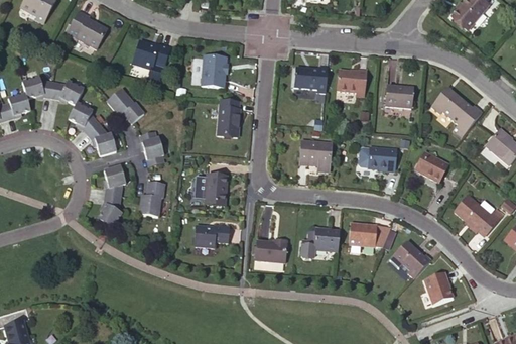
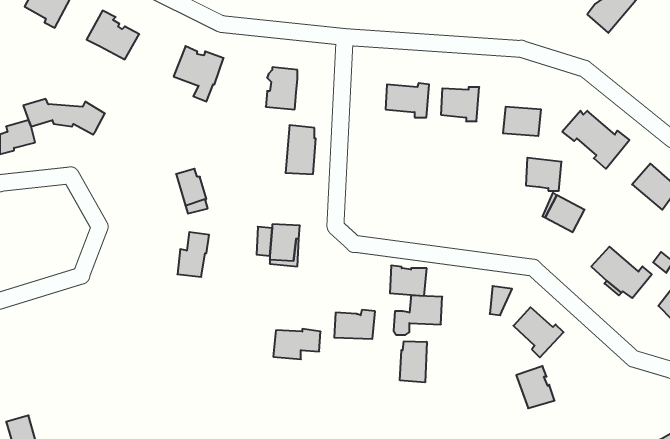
building: [102,89,139,123] -> none
building: [64,103,112,156] -> none
building: [300,141,332,167] -> none
building: [369,147,396,173] -> [526,158,562,191]
building: [94,166,121,228] -> none
building: [349,220,377,243] -> [390,266,427,296]
building: [196,225,232,248] -> [273,329,321,359]
building: none -> [400,341,427,382]
building: [423,269,453,302] -> [516,366,555,408]

